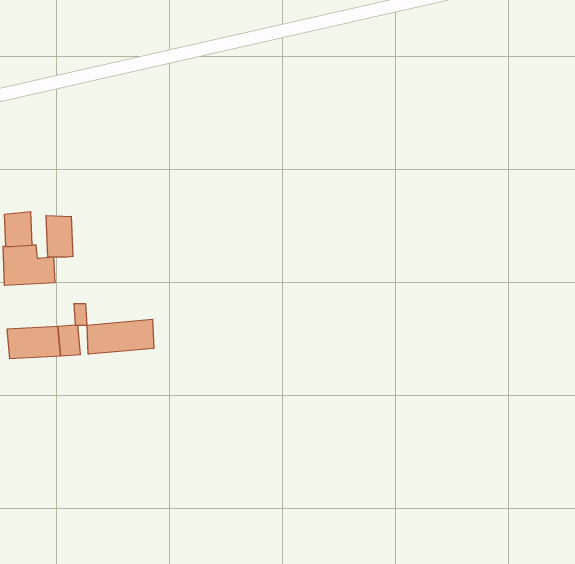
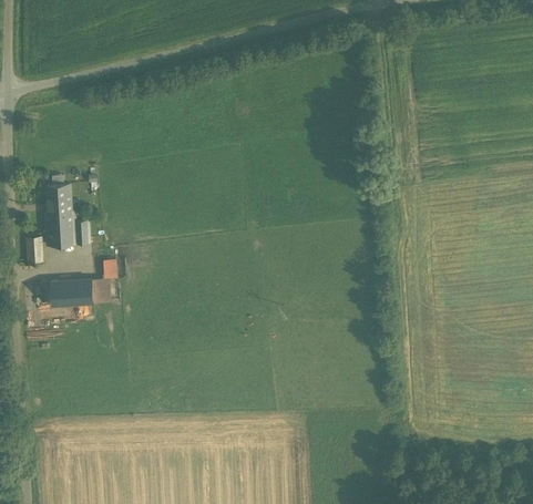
building: [46,215,73,257] -> none
building: [87,319,154,354] -> none

